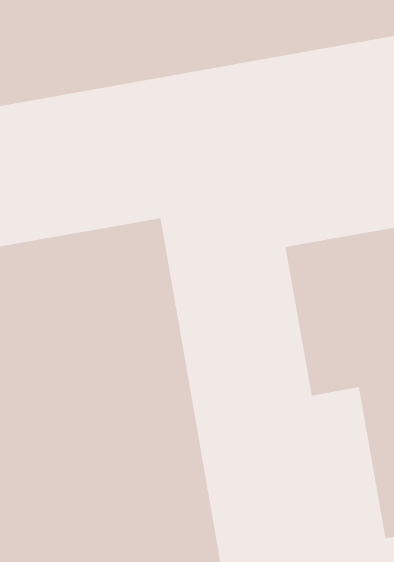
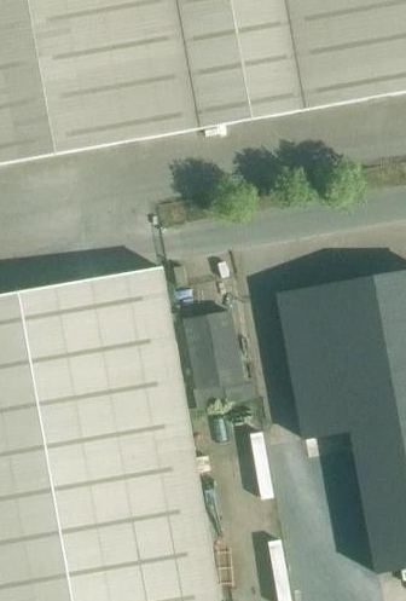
building: none -> [181,311,240,389]

